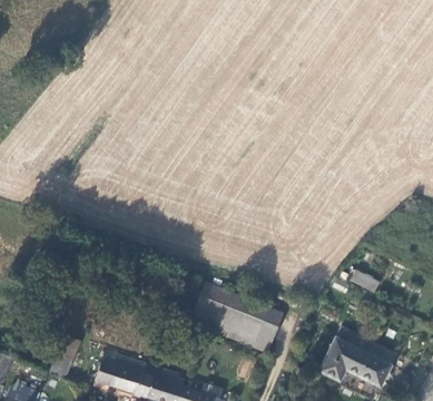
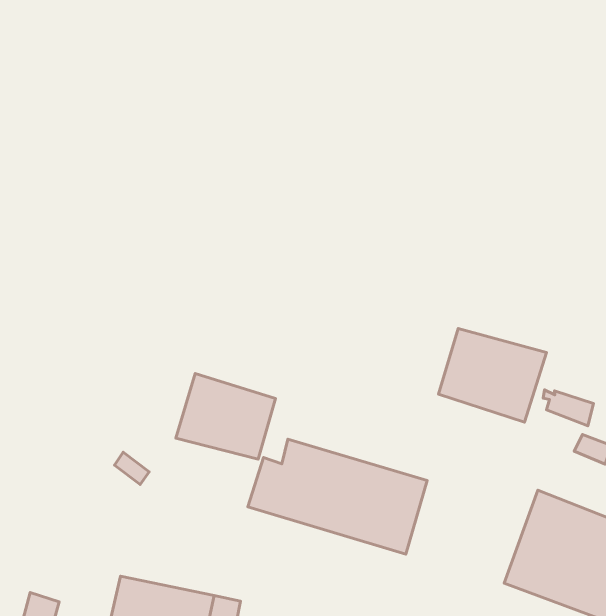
building: none -> [438,329,546,422]
building: none -> [176,374,275,459]

